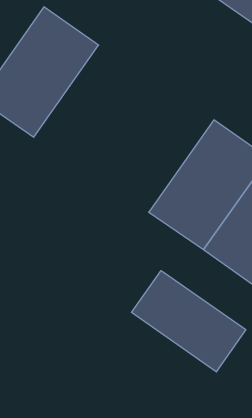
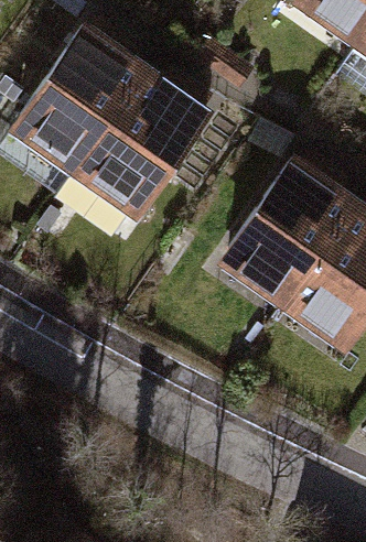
building: none -> [74,66,217,223]
building: [131,271,246,372] -> none

